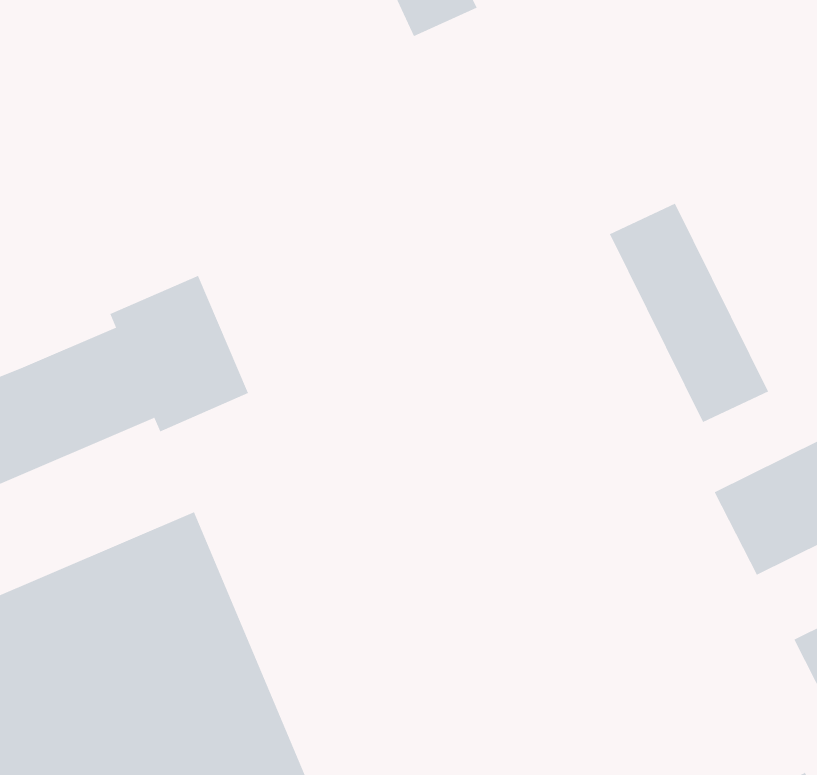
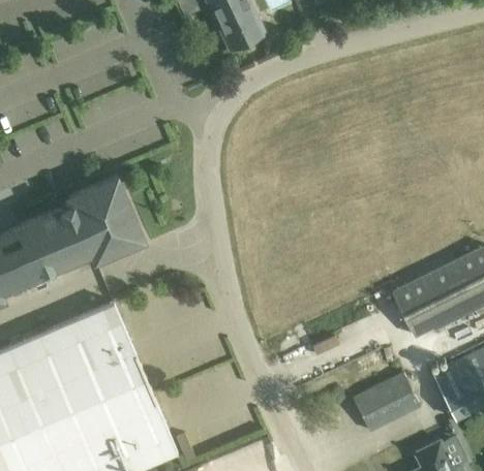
building: [609,203,769,423] -> none
building: none -> [354,375,421,434]

